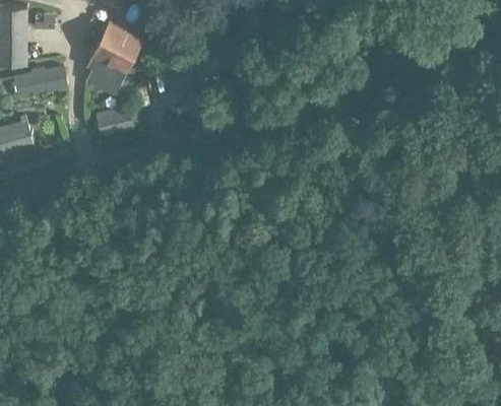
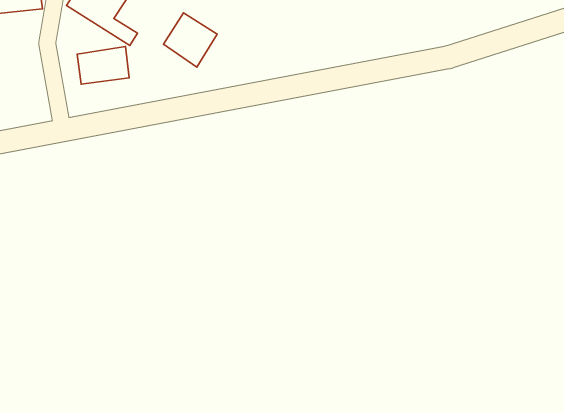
building: none -> [164,13,217,67]

